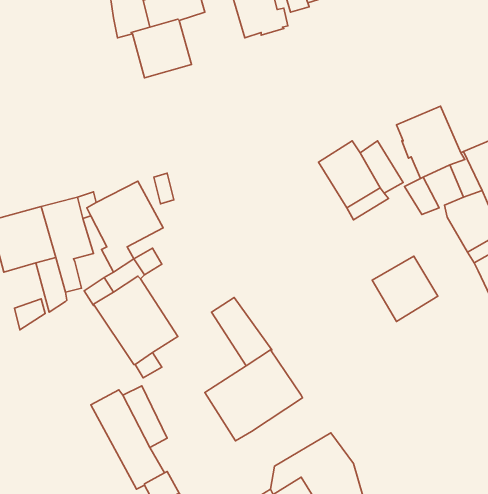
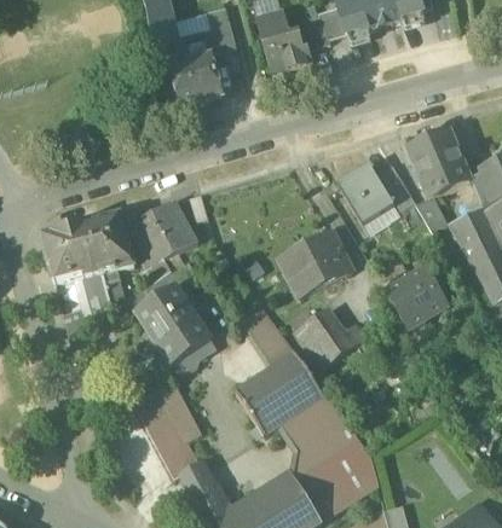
building: none -> [285,236,345,295]
building: none -> [296,308,364,366]
building: none -> [278,390,350,456]

